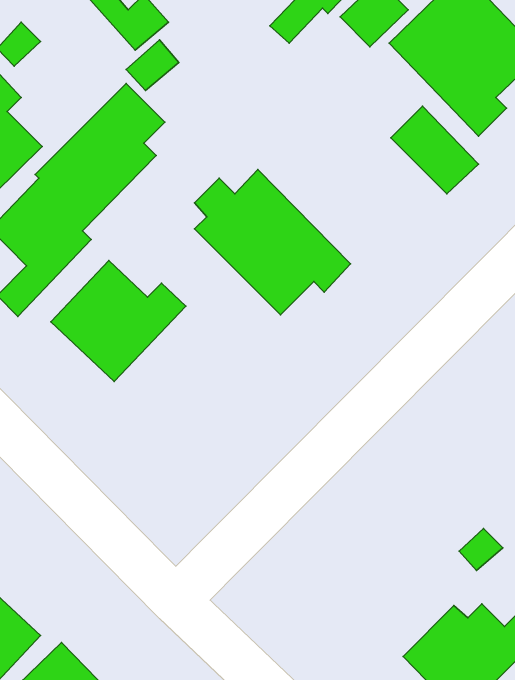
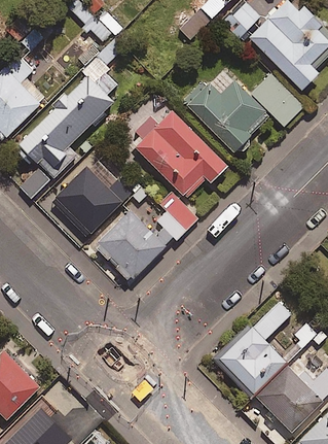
building: none -> [182,73,267,152]
building: none -> [94,192,196,282]
building: none -> [219,300,290,396]

